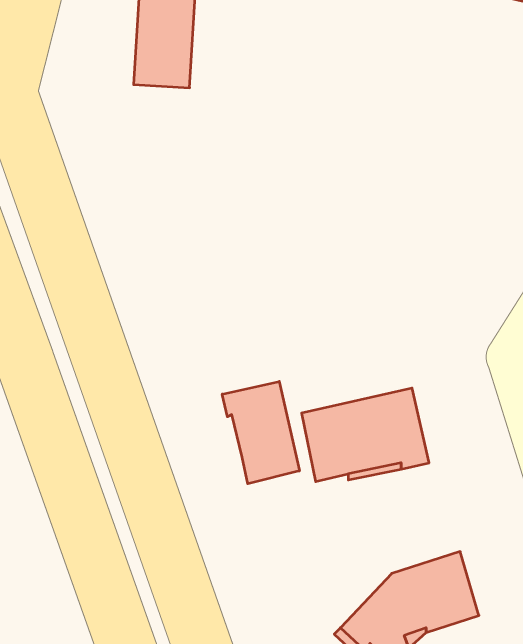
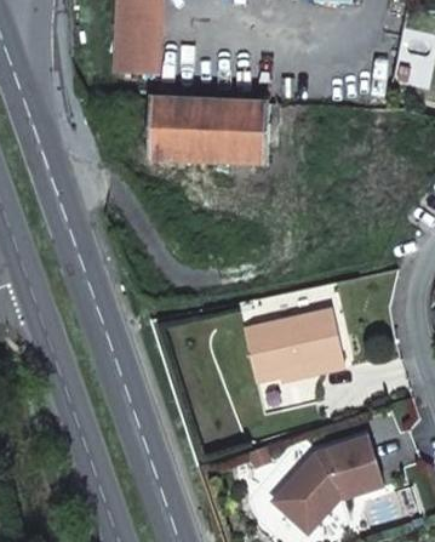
building: none -> [148,96,269,161]
building: [222,381,299,484] -> none

